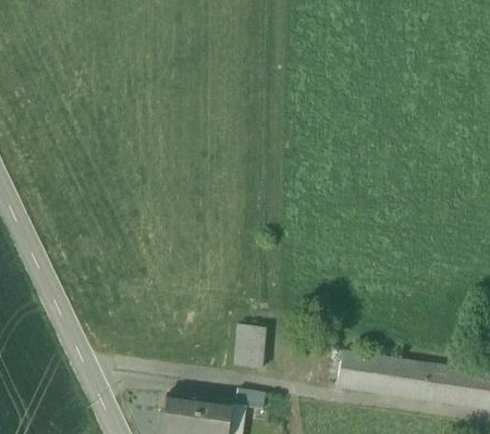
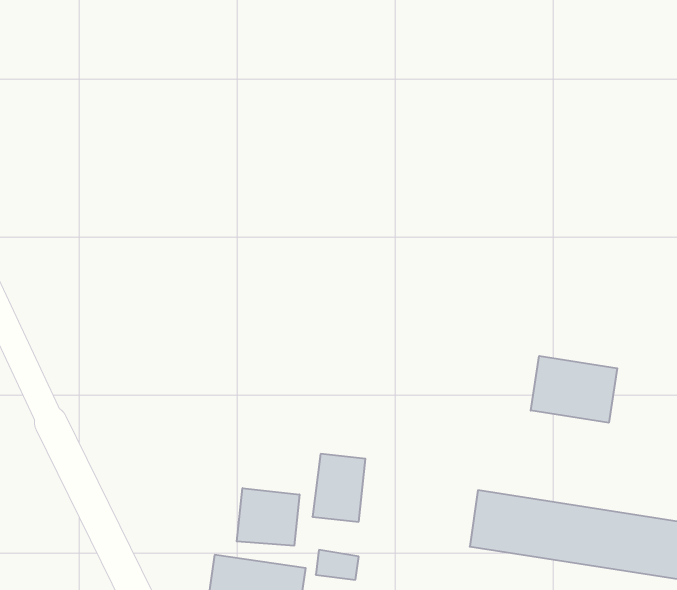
building: none -> [531,356,617,423]
building: none -> [237,488,299,546]

